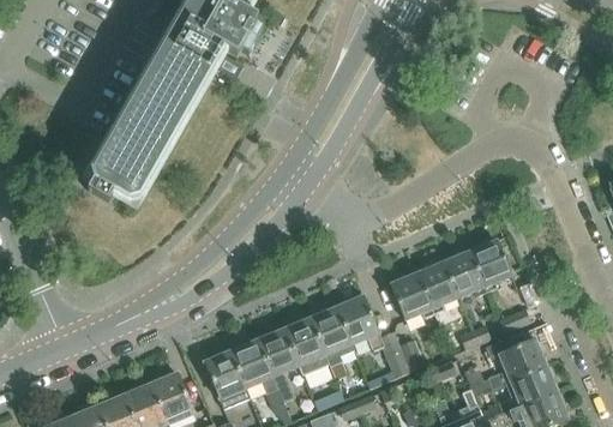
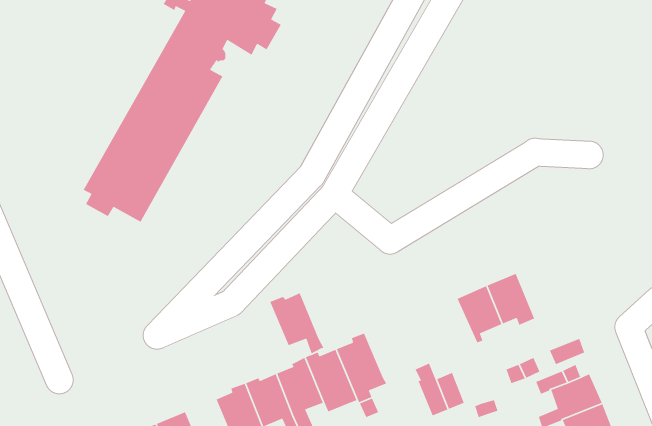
building: [469,240,511,291] -> none
building: [390,273,434,319] -> none
building: [335,295,384,350] -> [269,292,325,354]

